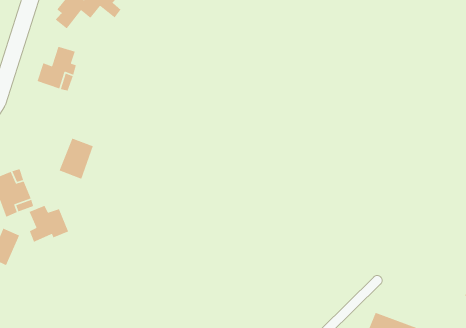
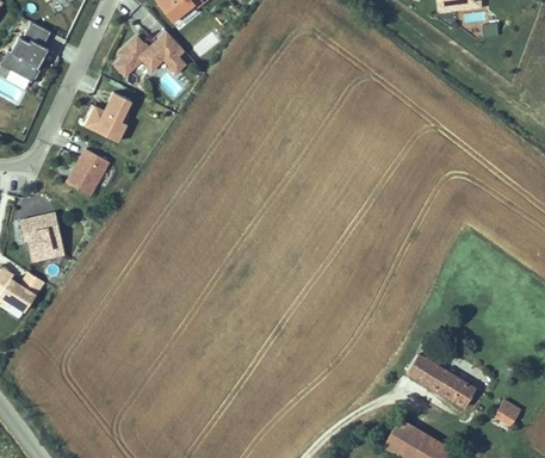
building: [59,138,94,180] -> [67,149,107,194]
building: [28,205,69,243] -> none
building: none -> [404,352,475,409]

